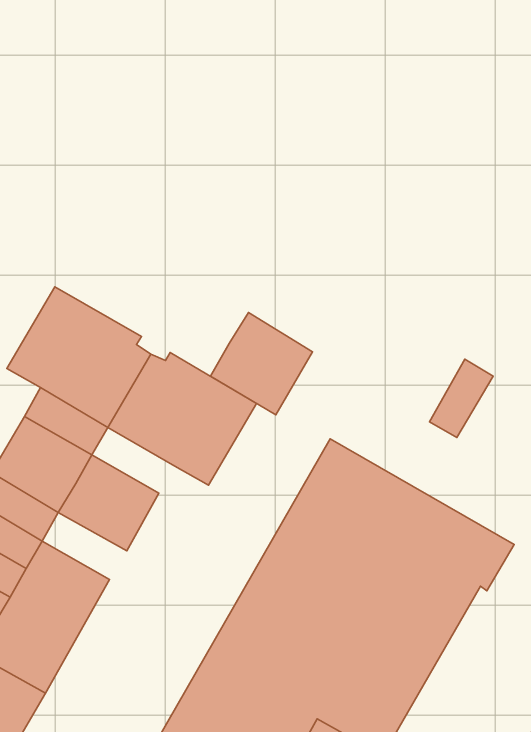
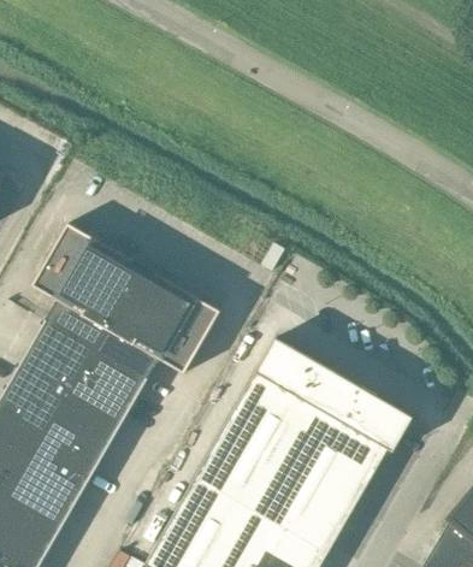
building: [210,312,312,415] -> none
building: [429,359,493,438] -> none
building: none -> [95,330,158,379]
building: none -> [58,394,122,444]

